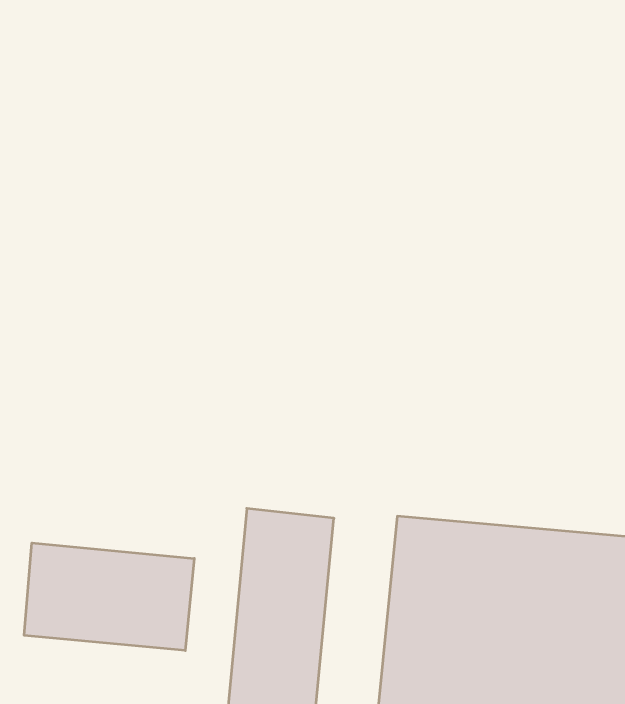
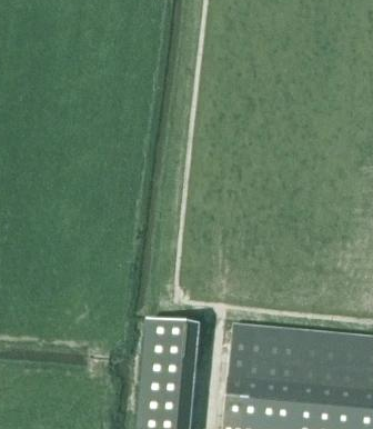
building: [24,543,194,651] -> none

